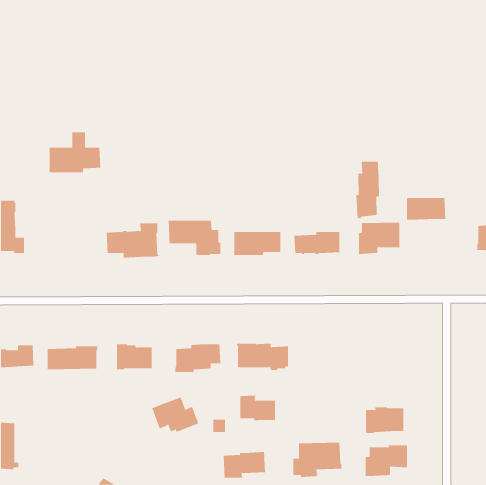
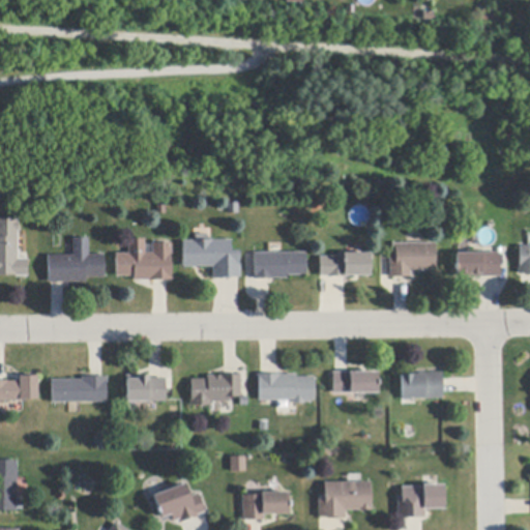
building: [49,132,101,173] -> [49,237,106,282]
building: [356,161,379,219] -> none
building: [406,197,446,220] -> [457,252,500,276]
building: none -> [333,371,378,392]
building: [240,395,276,421] -> none
building: [151,397,199,432] -> [153,482,205,521]
building: [365,407,404,433] -> [401,371,443,400]

